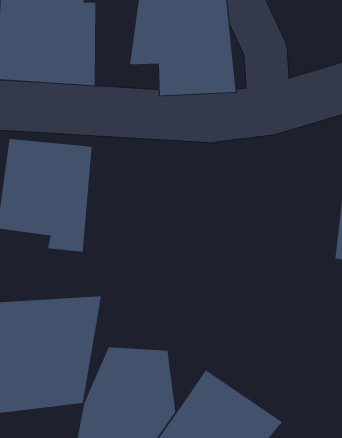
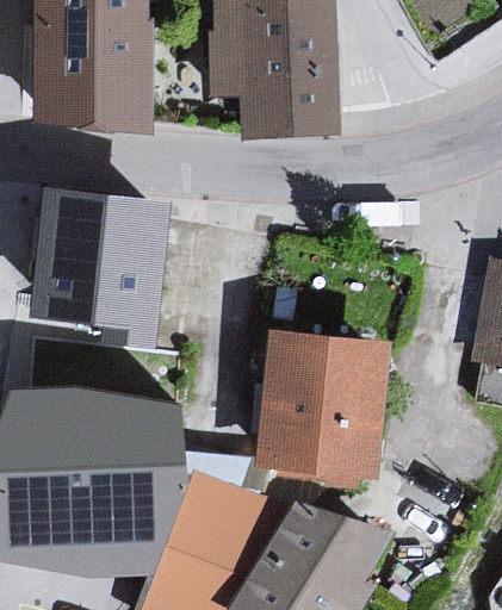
building: none -> [256,328,404,491]

